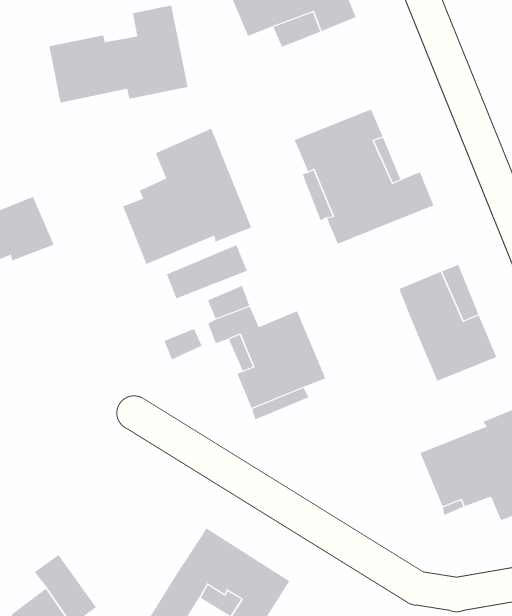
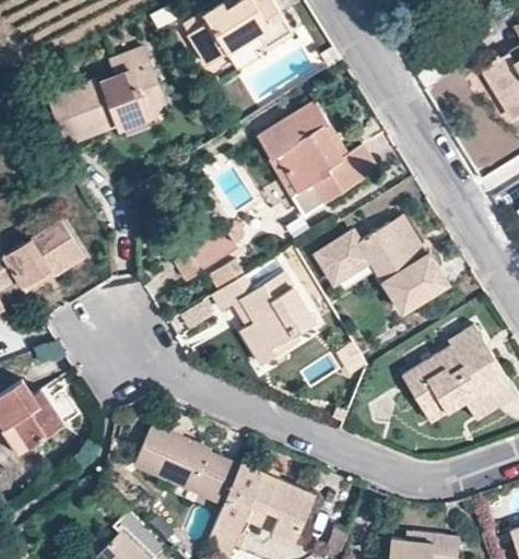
building: [123,128,252,265] -> none
building: none -> [316,234,375,290]
building: none -> [132,423,238,501]

